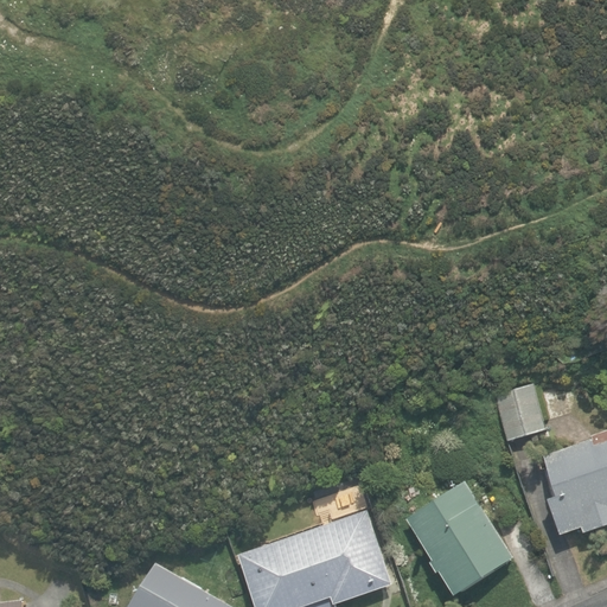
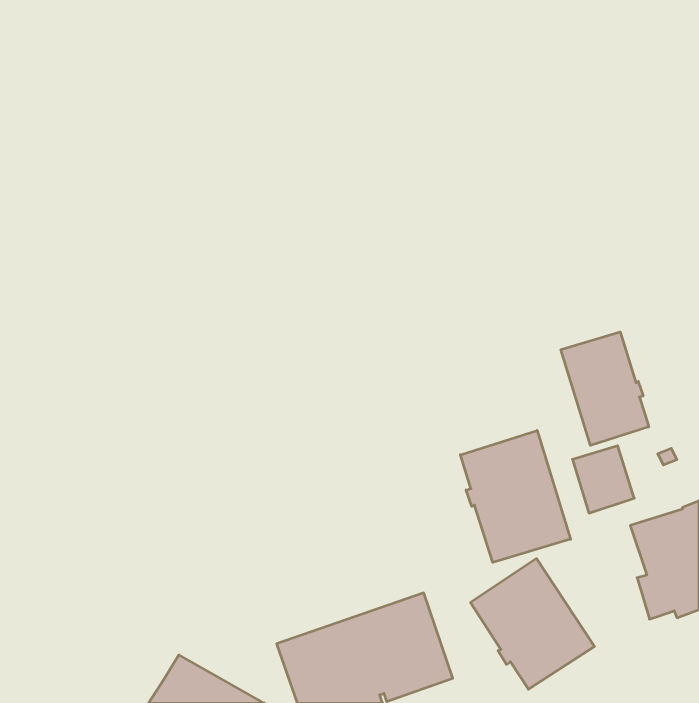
building: none -> [561,332,649,445]
building: none -> [460,430,571,562]

